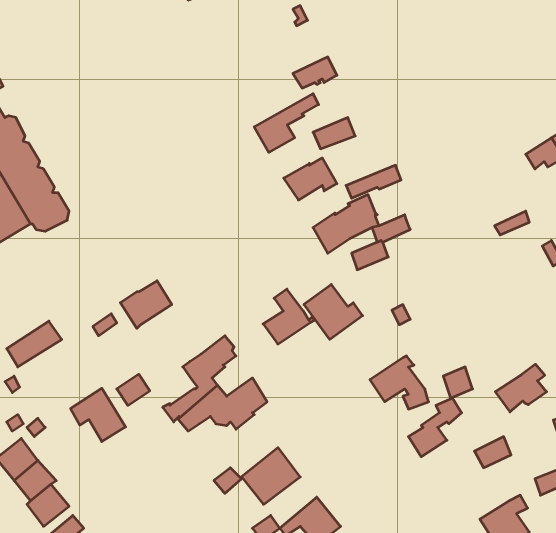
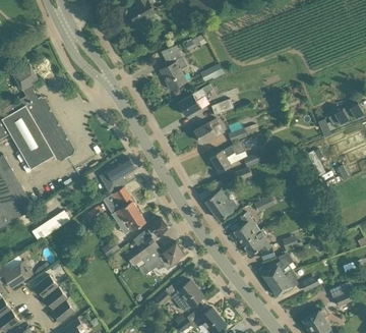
building: none -> [160,45,187,90]
building: none -> [99,157,135,193]
building: [263,289,314,344] -> [233,212,261,242]
building: [495,364,547,412] -> [269,270,298,296]
building: [71,388,126,442] -> [114,201,144,230]

